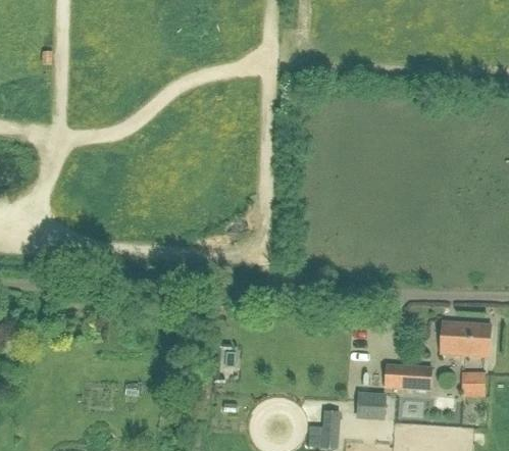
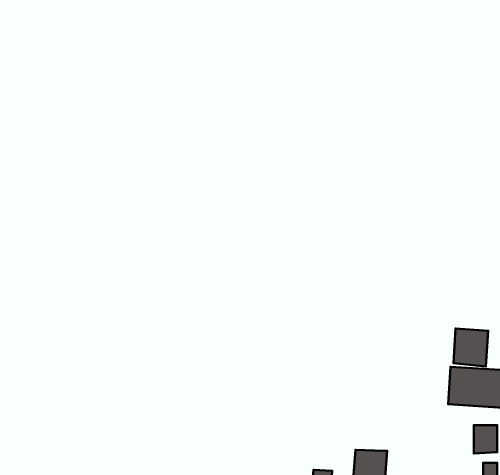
building: none -> [454,329,488,367]
building: [385,362,429,389] -> none

